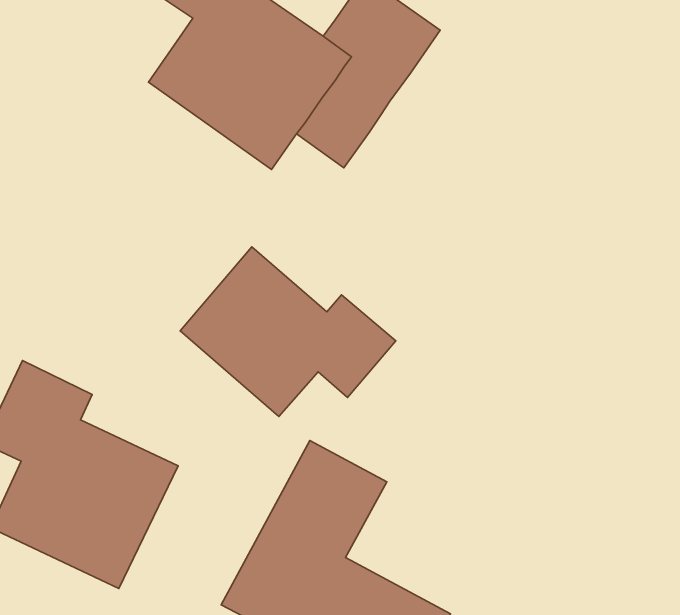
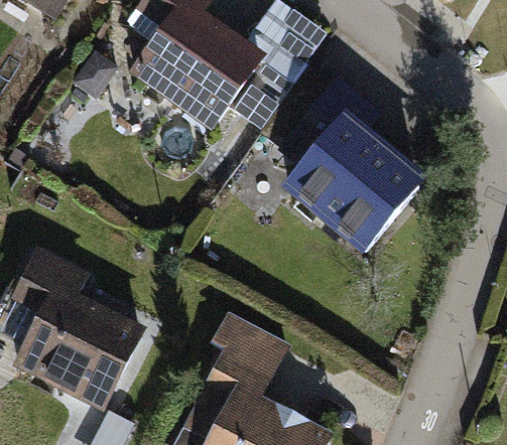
building: none -> [273,73,424,257]
building: [180,247,396,416] -> none

